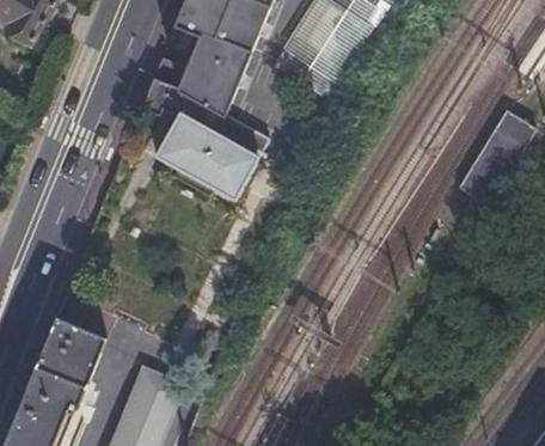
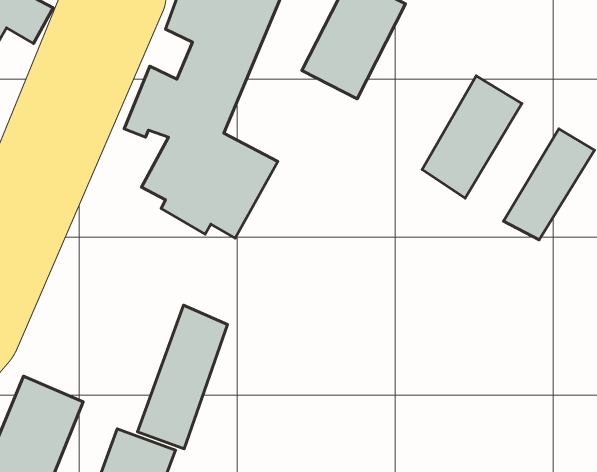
building: none -> [422,76,522,198]
building: none -> [137,305,228,449]

